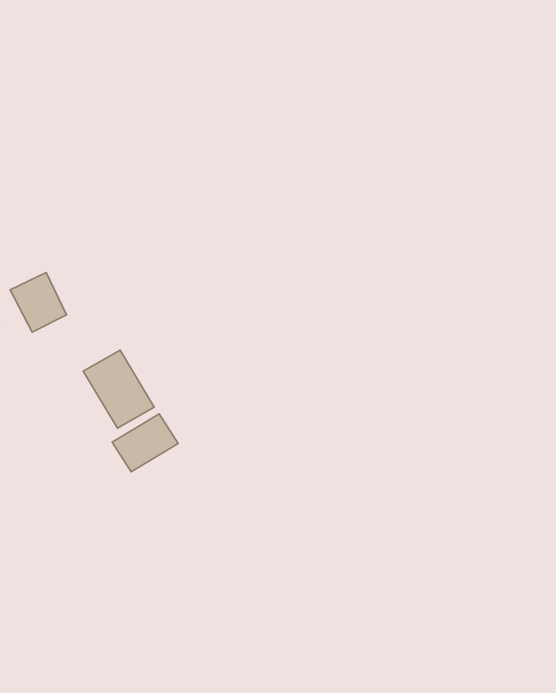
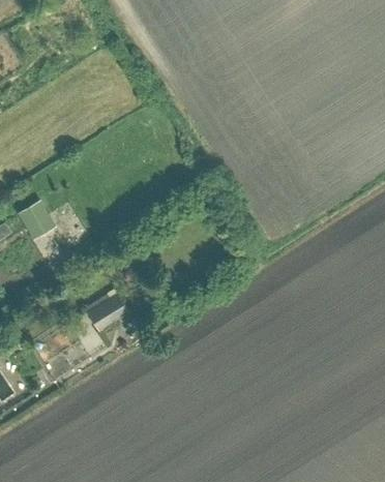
building: [83,350,154,428] -> none

